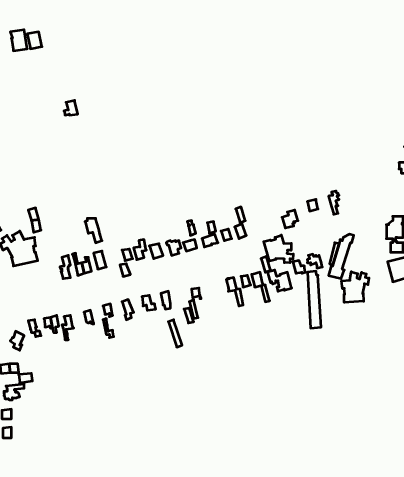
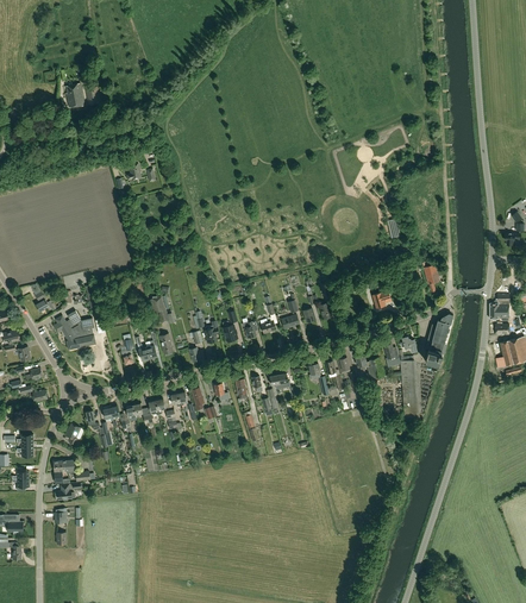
building: [264,235,293,263] -> none
building: [342,272,369,302] -> none

